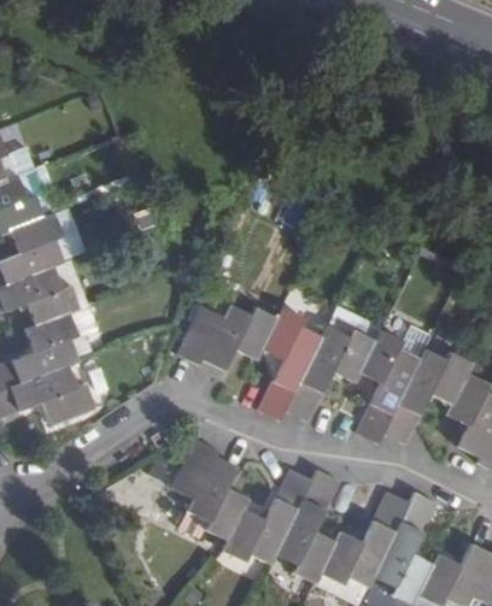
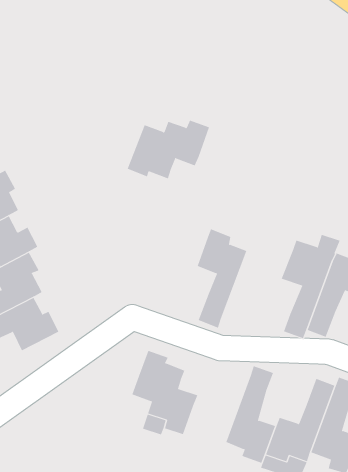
building: [176,302,277,370] -> [127,120,210,179]
building: [285,325,375,422] -> none
building: [222,469,311,564] -> none

